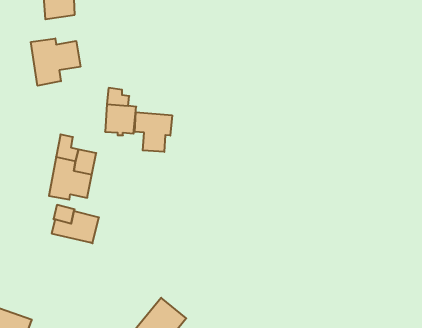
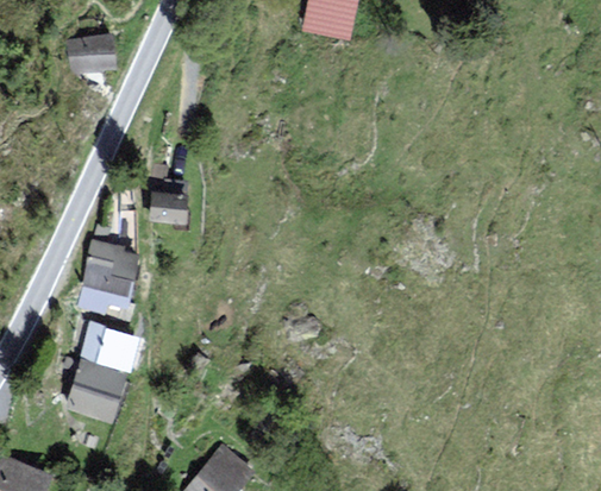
building: [31,38,80,86] -> none
building: [135,112,172,152] -> none
building: none -> [61,357,131,424]

